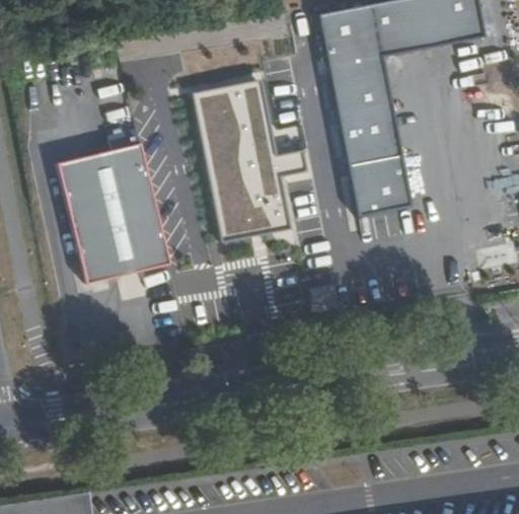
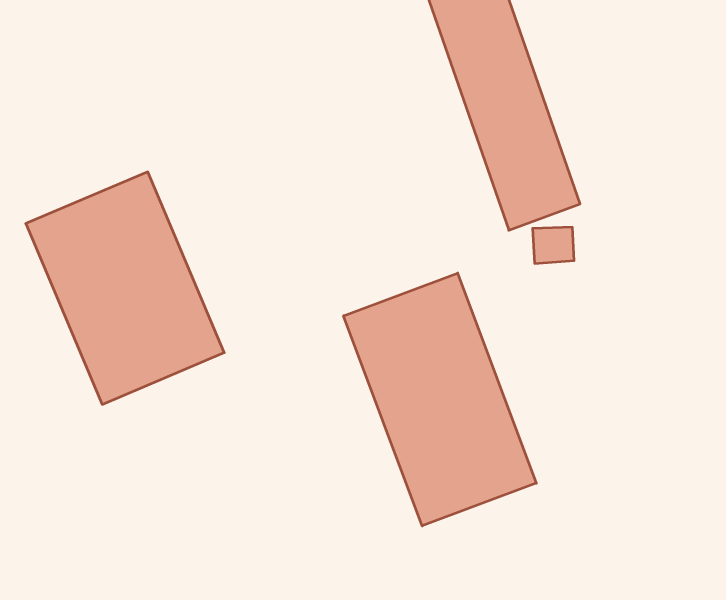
building: [197,80,308,236] -> none
building: none -> [344,273,536,526]

